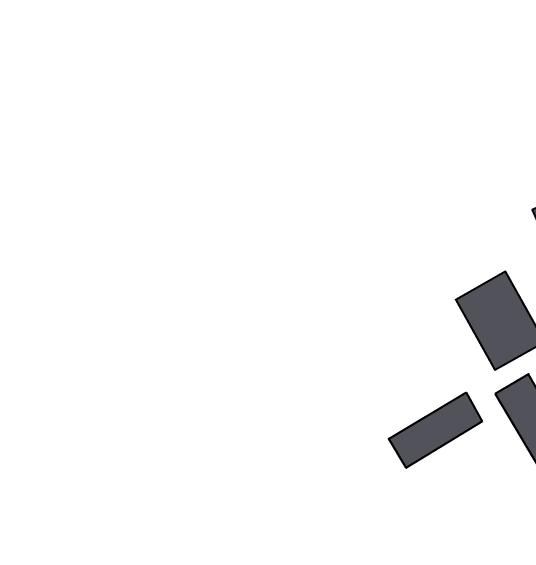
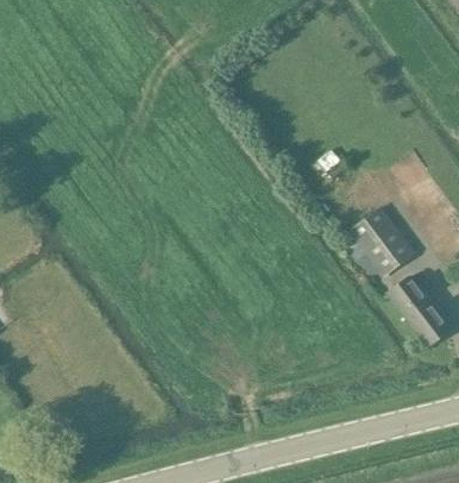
building: [389,393,482,468] -> none

